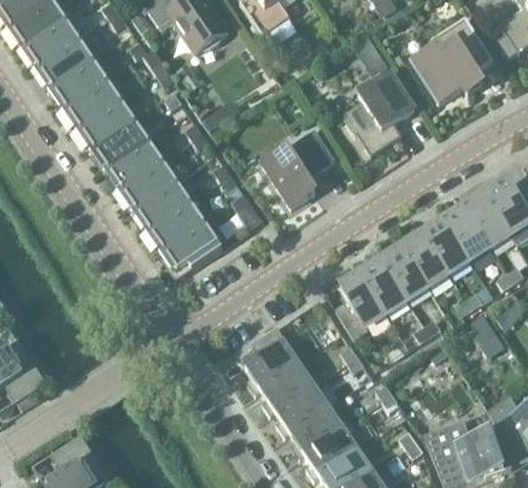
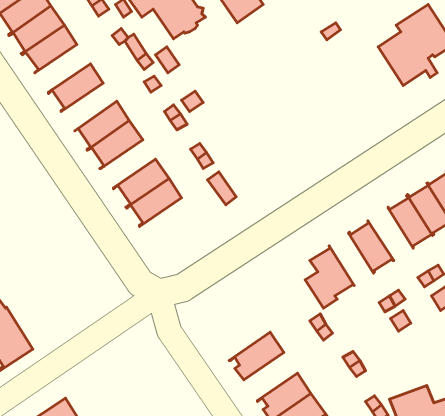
building: [49,59,108,110] -> none
building: [345,74,416,155] -> none
building: [77,100,136,151] -> none
building: [263,128,336,207] -> none
building: [119,160,177,211] -> none
building: [160,222,223,272] -> none
building: [403,233,451,288] -> none
building: [362,259,409,314] -> none
building: [246,327,299,394] -> none
building: [271,386,328,436] -> none

